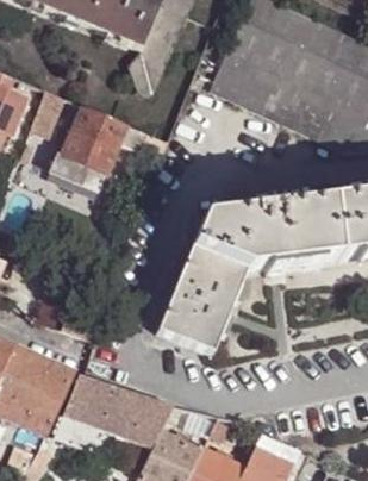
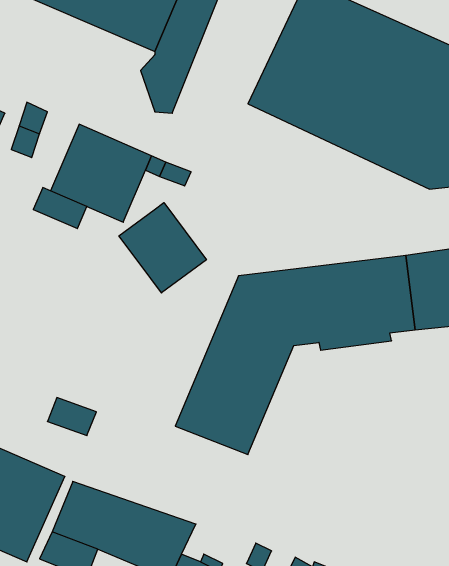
building: none -> [119,203,206,293]

